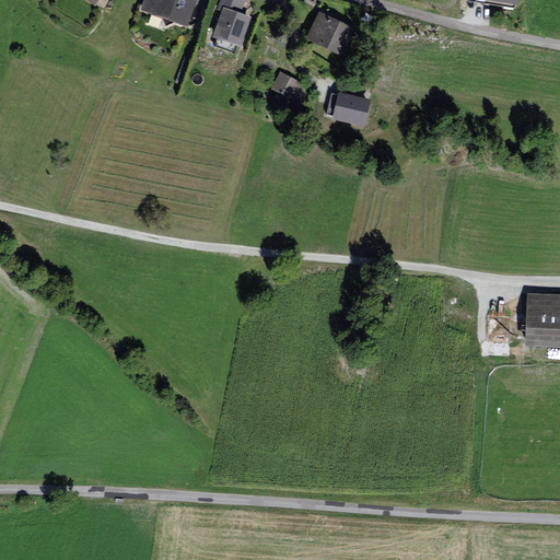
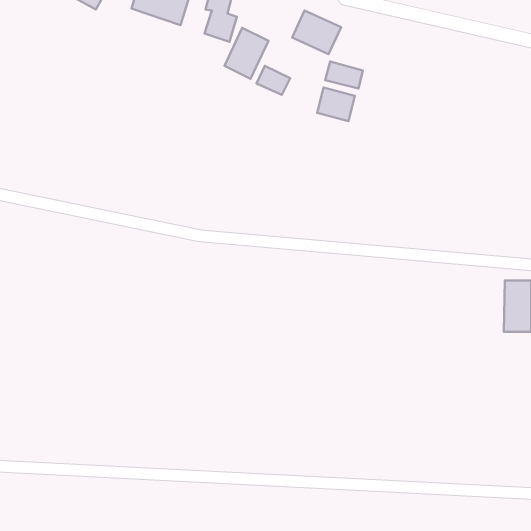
building: none -> [224,28,269,79]
building: none -> [325,62,363,88]

